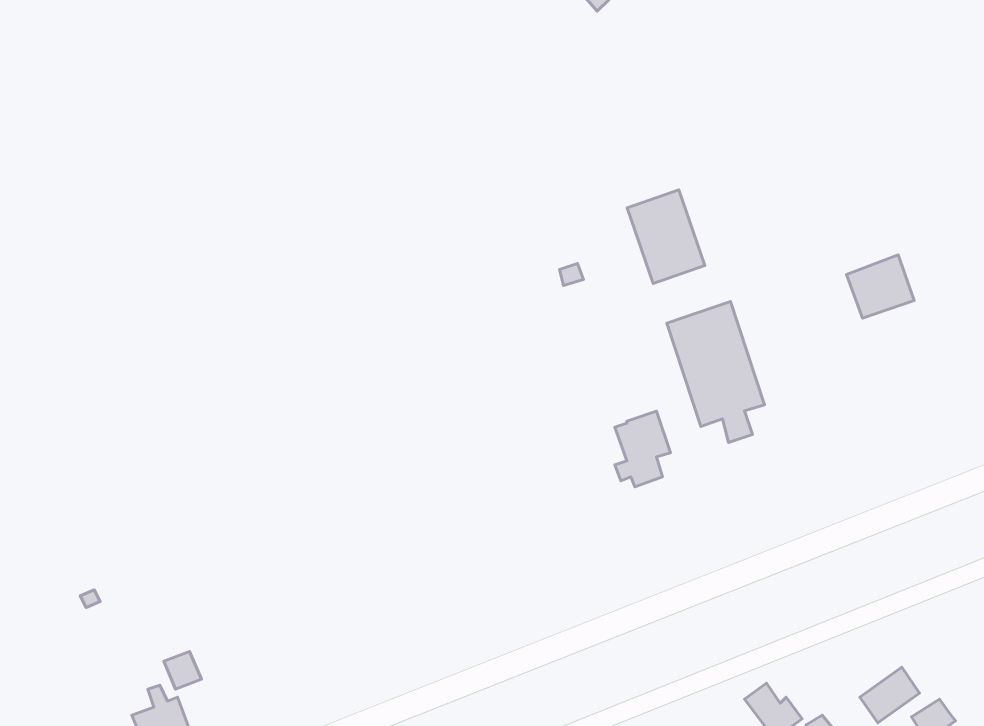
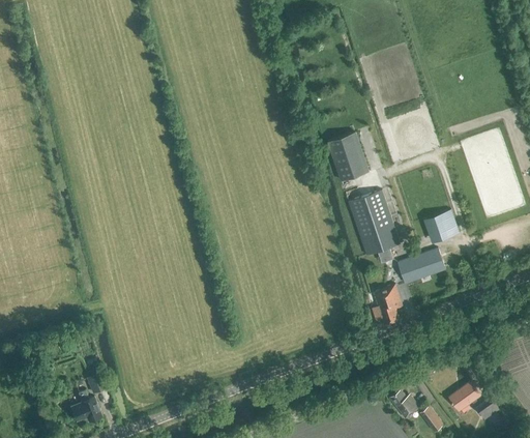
building: [847,255,914,318] -> [424,209,460,242]
building: [615,411,671,487] -> [374,285,403,324]
building: none -> [399,249,445,284]

